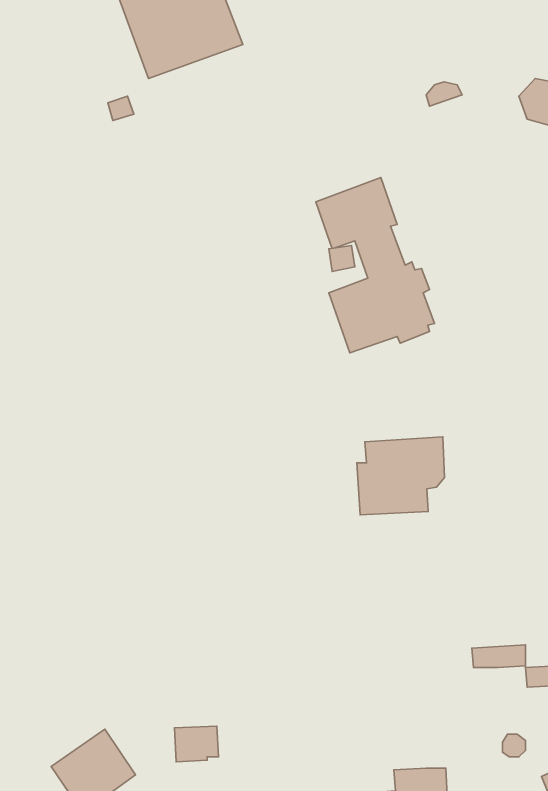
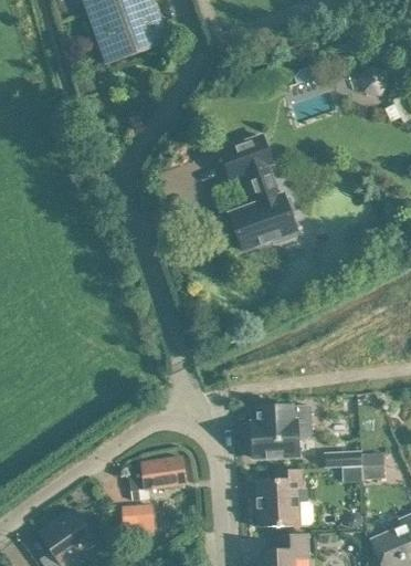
building: [357,437,445,515] -> [252,405,312,458]
building: none -> [128,457,186,503]
building: none -> [255,469,313,527]

